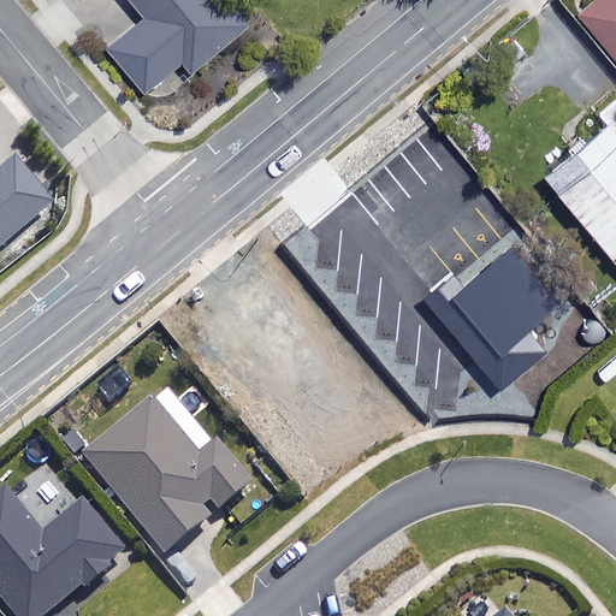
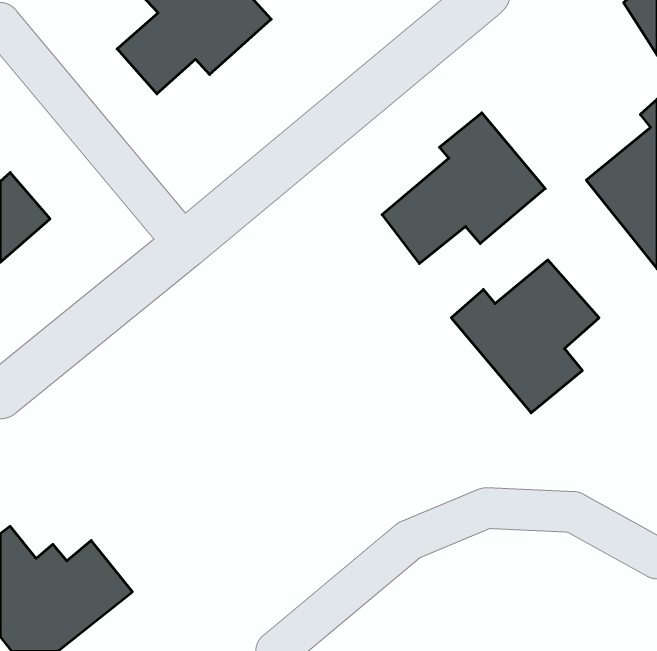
building: none -> [382,113,545,264]
building: [87,402,255,557] -> none

